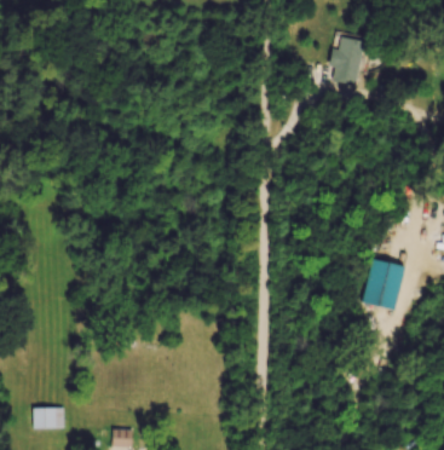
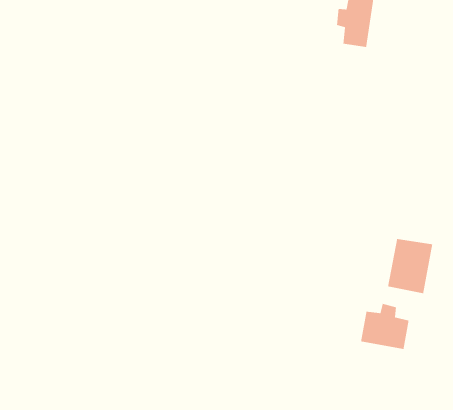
building: none -> [360,303,409,350]

